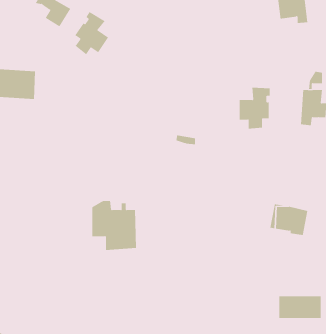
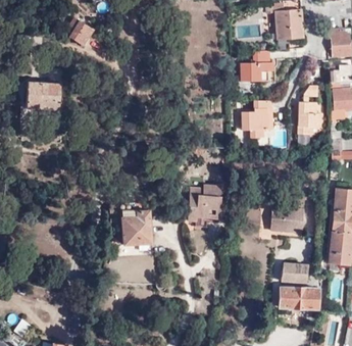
building: [74,11,109,55] -> none
building: none -> [239,52,268,84]
building: none -> [187,182,217,217]
building: none -> [279,265,305,284]

